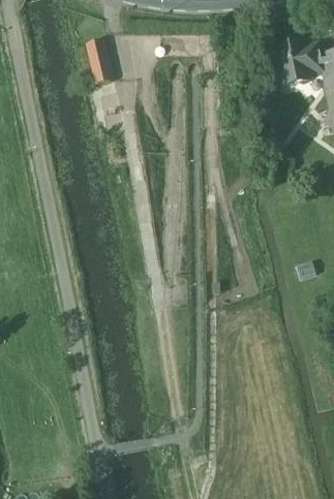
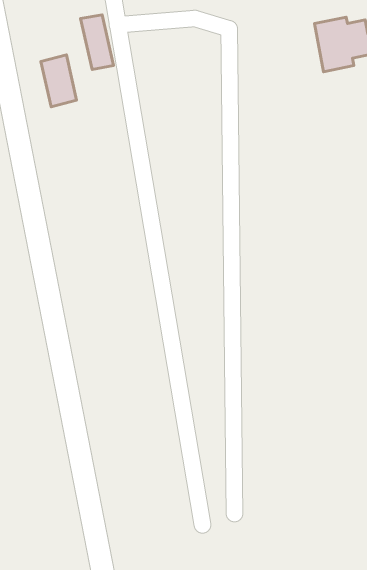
building: none -> [41,55,77,107]

